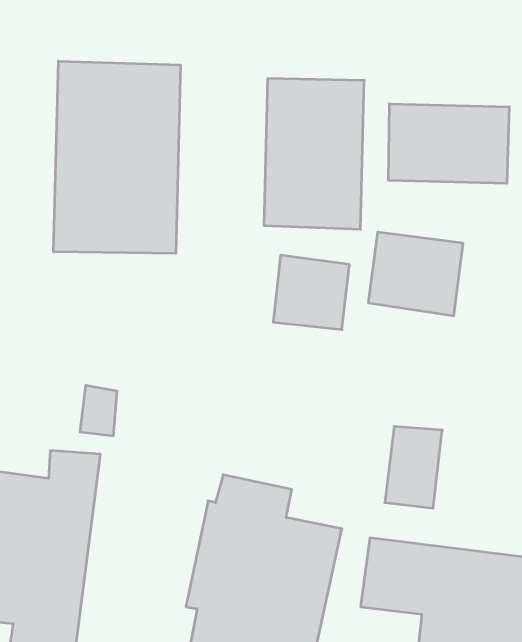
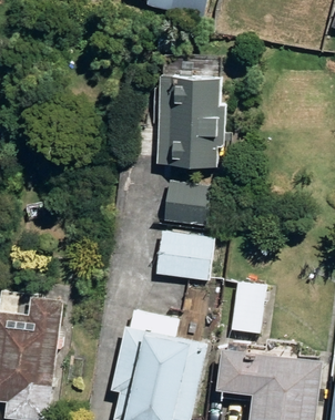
building: [54,61,180,253] -> none
building: [389,104,509,183] -> none
building: [368,232,463,316] -> [156,231,213,280]

